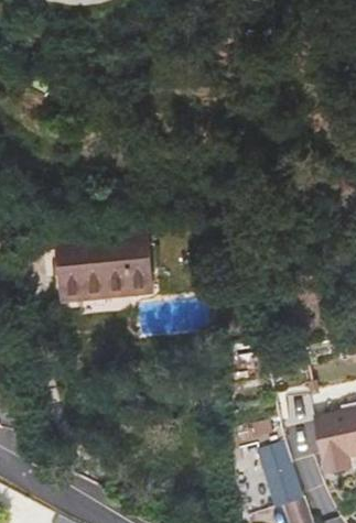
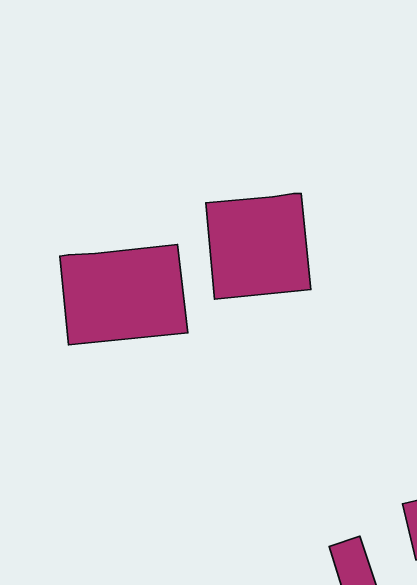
building: none -> [206,193,311,299]

